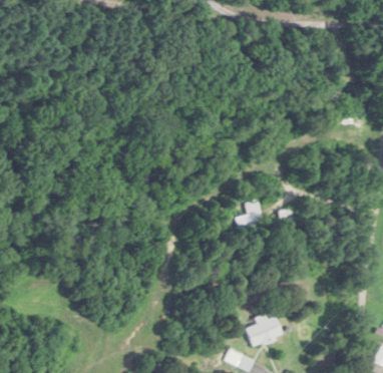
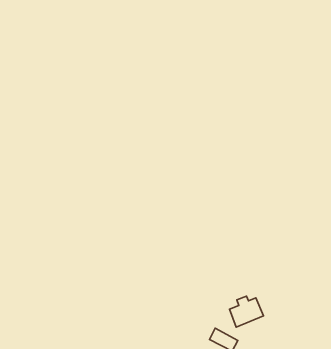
building: [236,210,265,233] -> none

